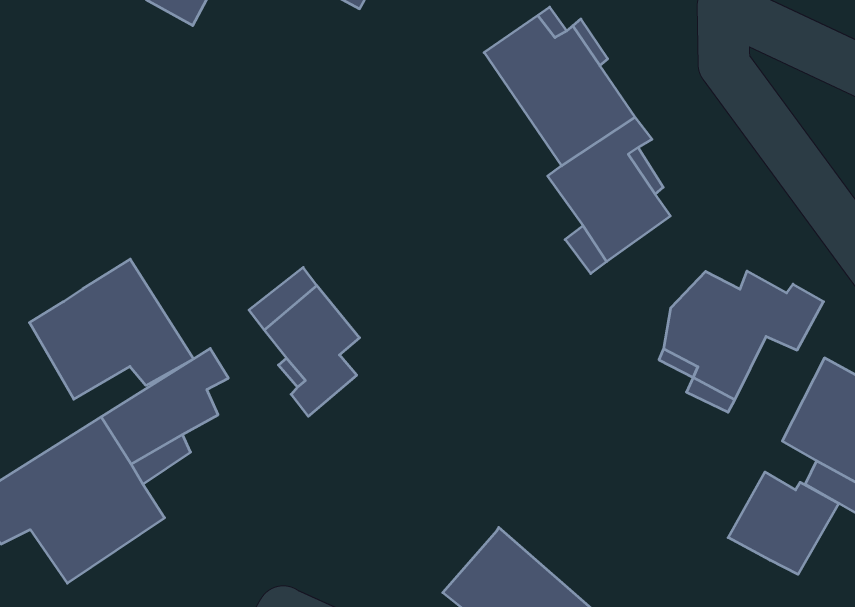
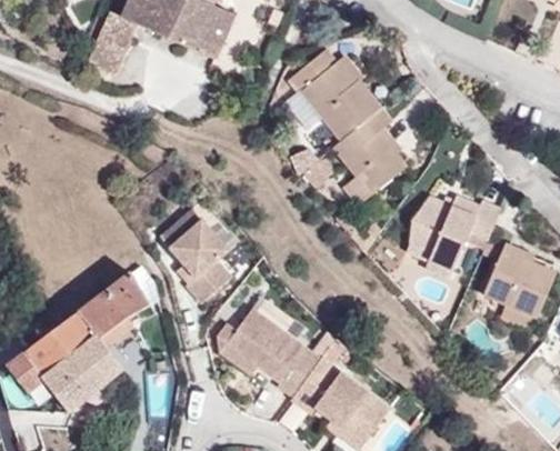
building: [29,259,193,399] -> none
building: none -> [221,310,319,398]
building: [728,472,839,574] -> none

